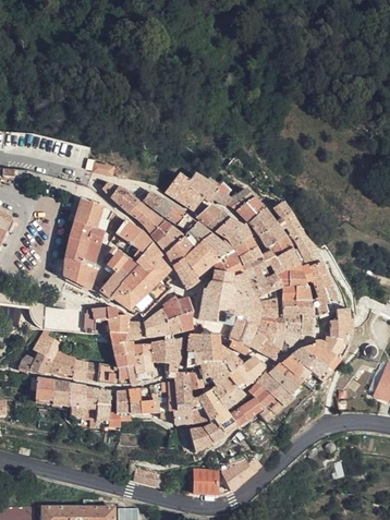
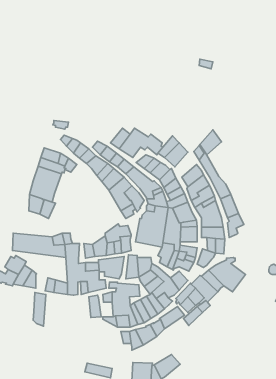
building: [248,204,276,235] -> [200,130,221,155]
building: [94,221,172,315] -> none
building: [319,305,349,359] -> none
building: [35,376,71,406] -> none
building: [82,385,121,427] -> none
building: [117,387,142,413] -> none

